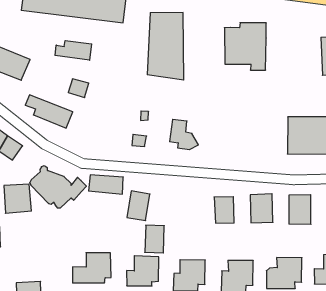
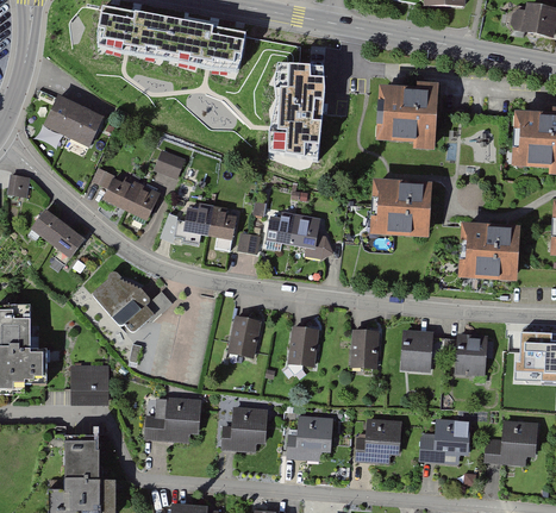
building: [55,41,92,60] -> none
building: none -> [370,176,431,236]
building: none -> [265,212,299,246]
building: [89,175,123,194] -> [185,208,235,238]
building: [4,184,31,213] -> [70,364,107,403]
building: [145,225,164,253] -> [288,324,318,364]

